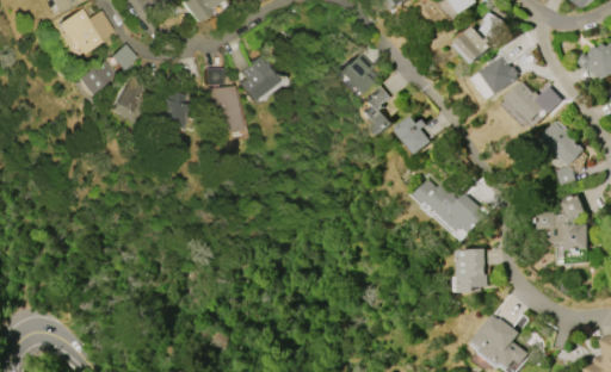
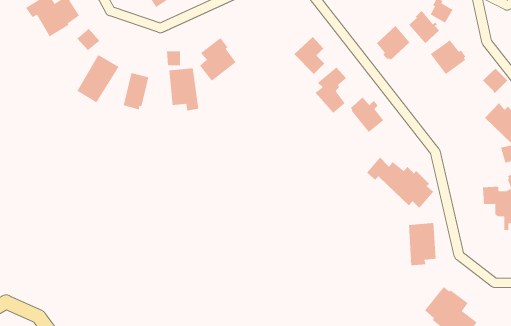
building: none -> [376,25,410,60]
building: [76,58,115,95] -> none
building: [506,82,545,123] -> none

